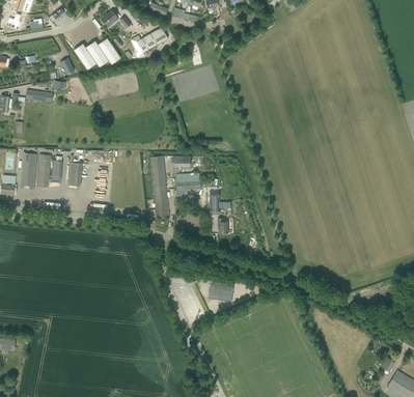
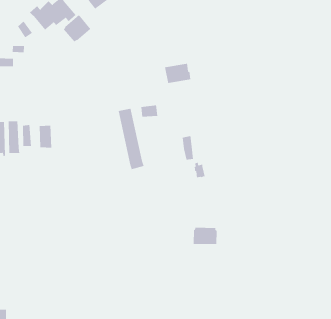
building: none -> [63,14,91,42]
building: [175,173,200,191] -> [164,63,191,83]

